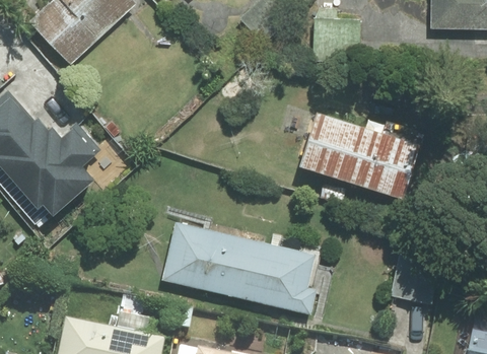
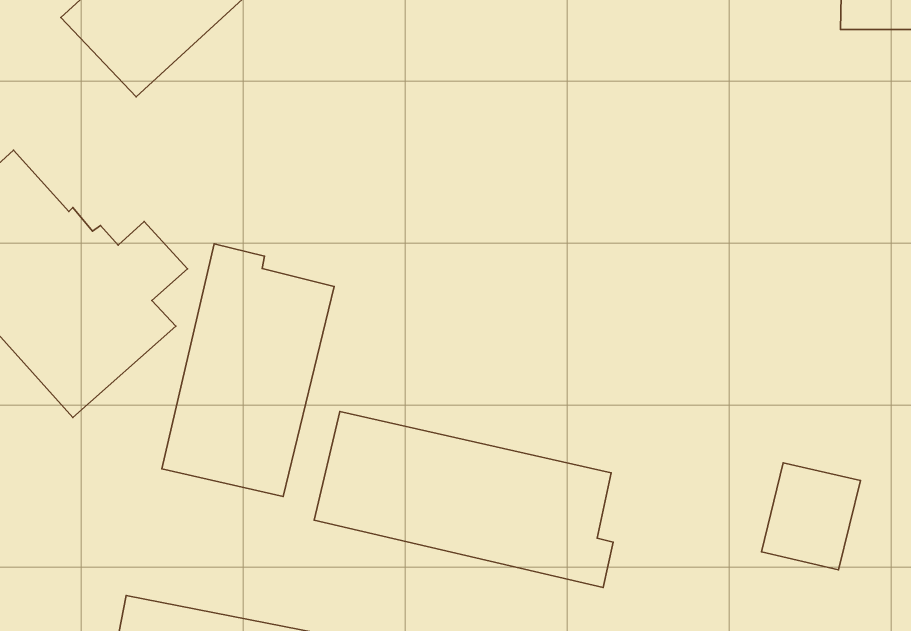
building: [301,114,419,198] -> none
building: none -> [162,244,334,497]

